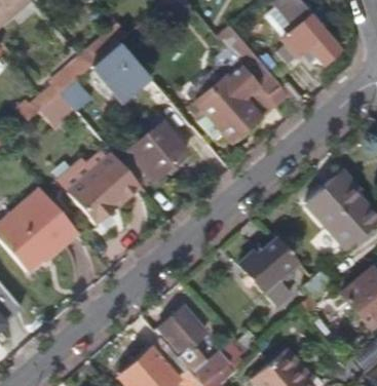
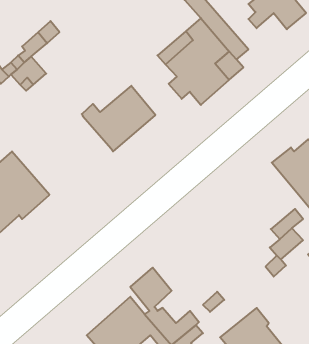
building: [91,42,149,101] -> none
building: [68,153,142,225] -> none
building: [238,237,299,306] -> none

